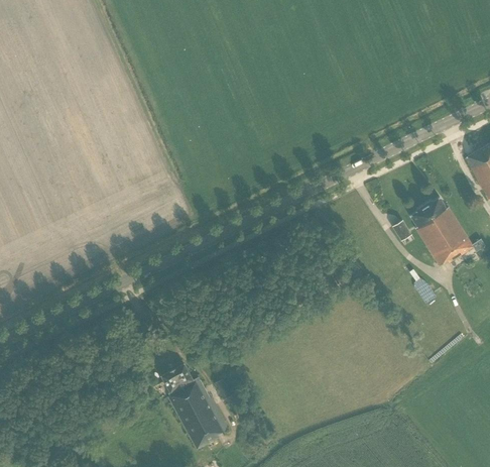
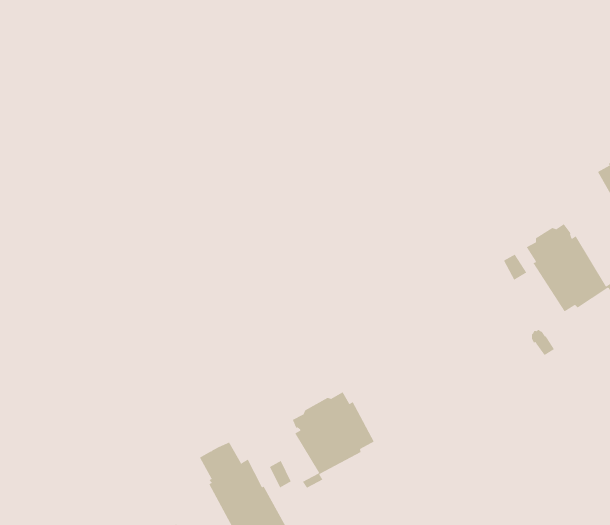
building: none -> [292,391,375,488]

